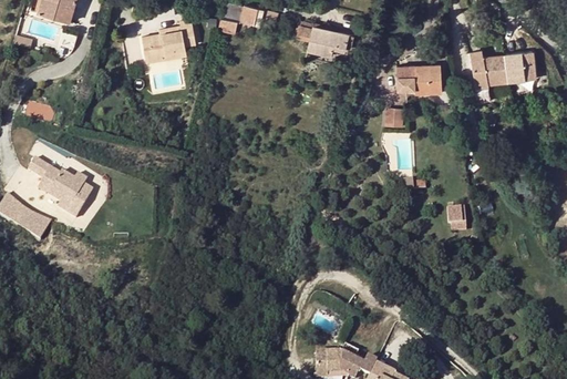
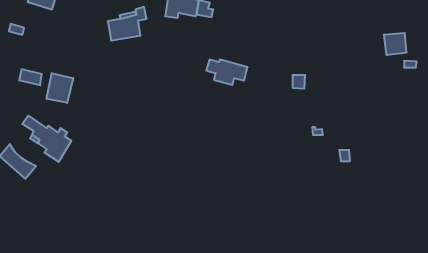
building: [295,23,349,57] -> [206,60,248,85]
building: [470,50,508,92] -> none
building: [396,64,441,96] -> none
building: none -> [47,73,73,103]

